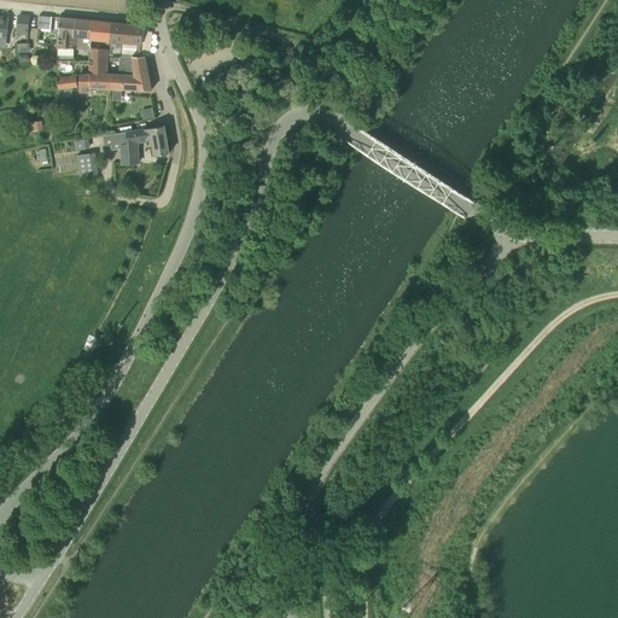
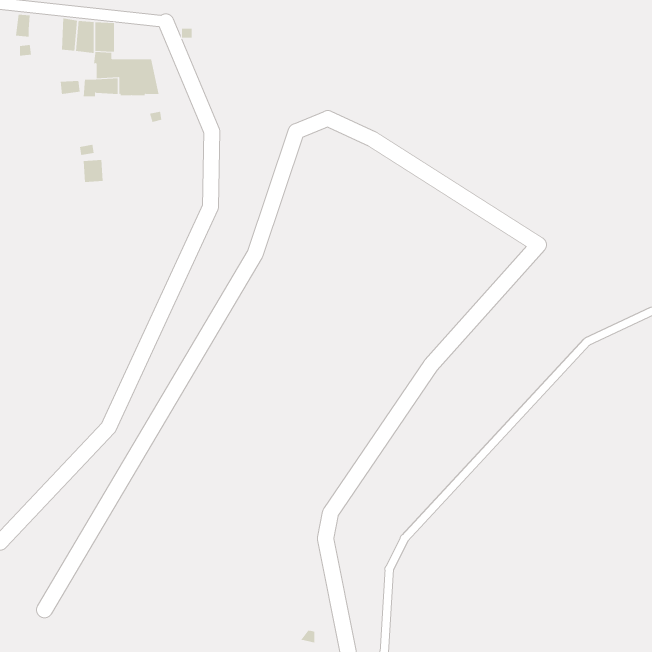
building: [106,22,142,56] -> none
building: [107,126,168,164] -> none

